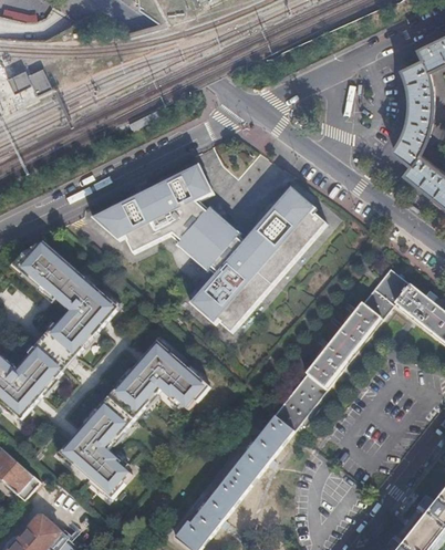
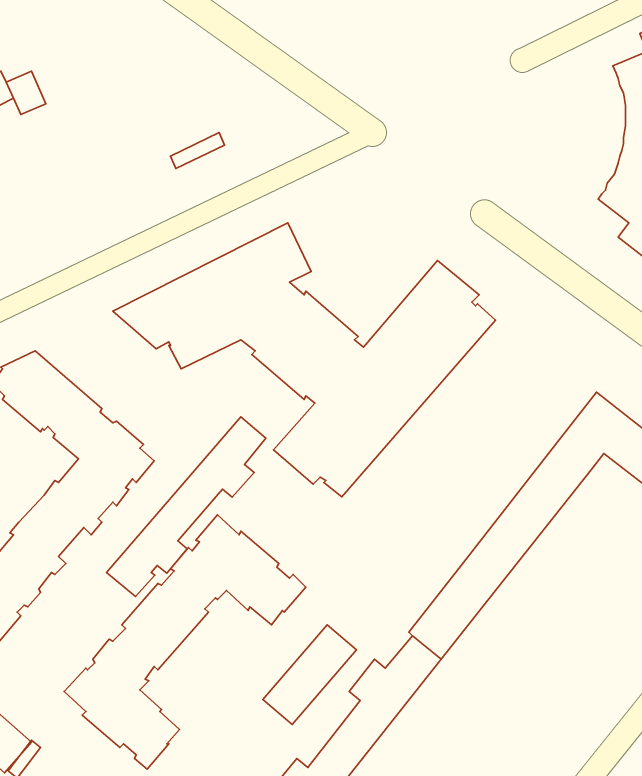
building: none -> [106,417,266,596]
building: none -> [263,625,356,724]

